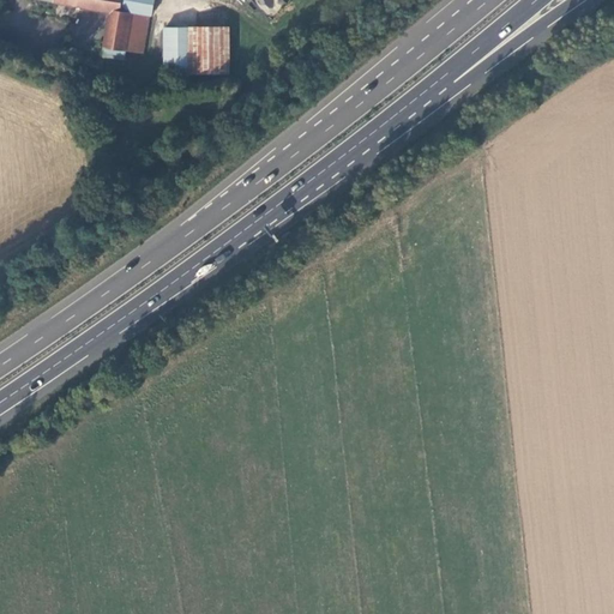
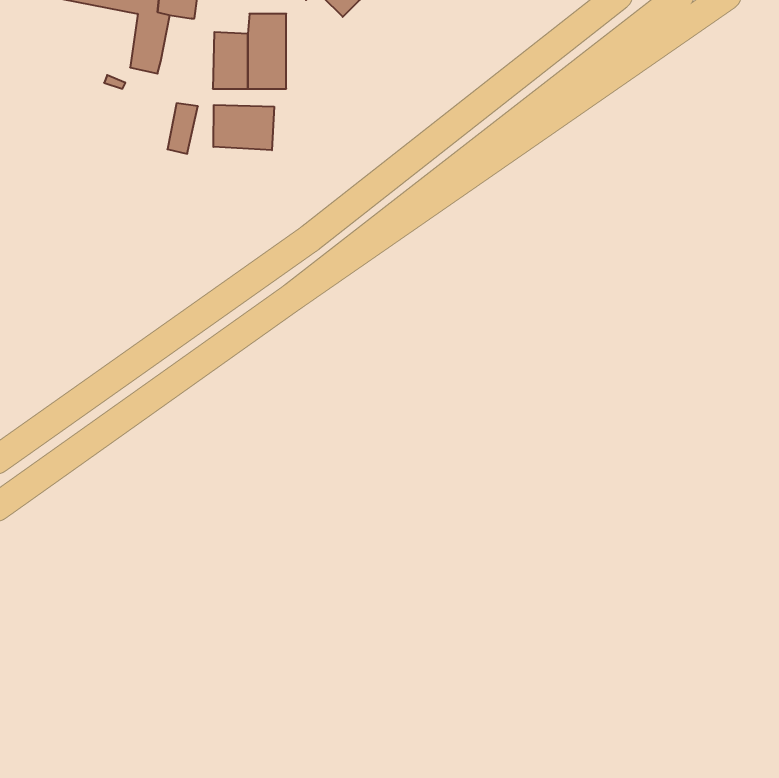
building: [126,12,150,52] -> [167,103,198,154]
building: none -> [213,105,274,150]

